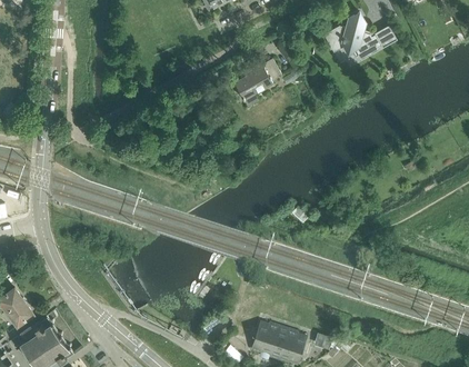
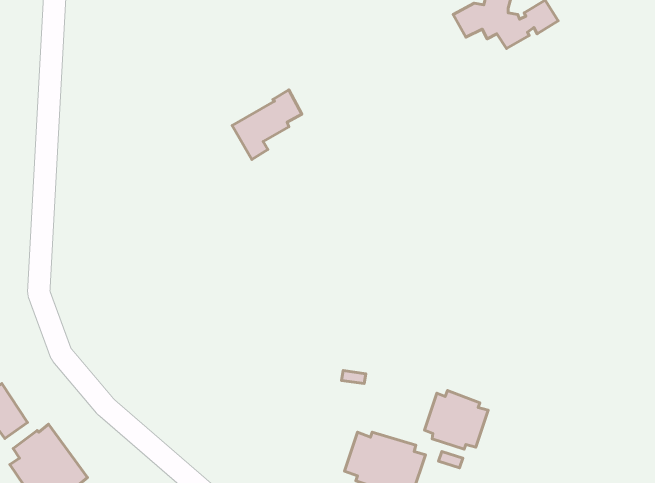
building: [233,58,281,106] -> [232,90,302,159]
building: none -> [425,390,488,449]

